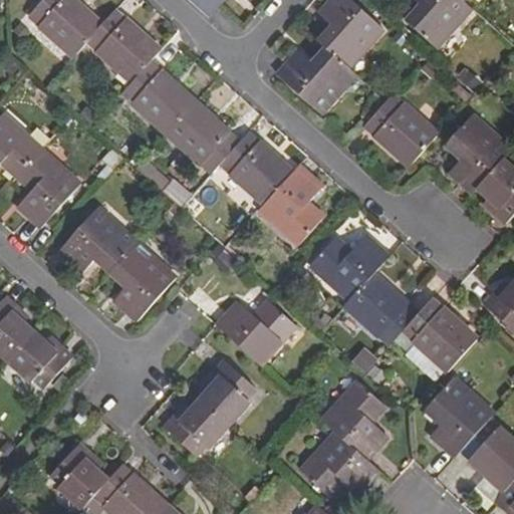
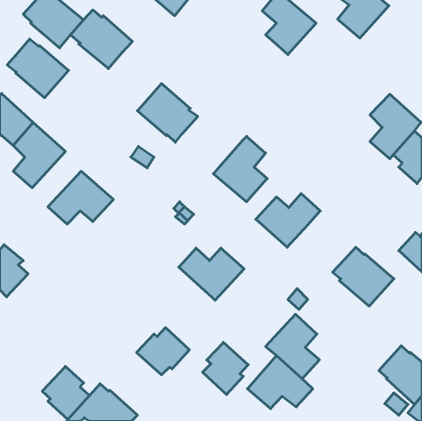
building: [277,49,356,112] -> none
building: [121,63,196,135] -> [7,39,69,98]
building: [365,93,440,166] -> none
building: [221,133,294,204] -> none
building: [112,242,176,321] -> none
building: [343,273,418,344] -> none
building: [8,332,72,387] -> none
building: [201,361,256,425] -> [203,342,248,395]
building: [429,377,493,457] -> none

